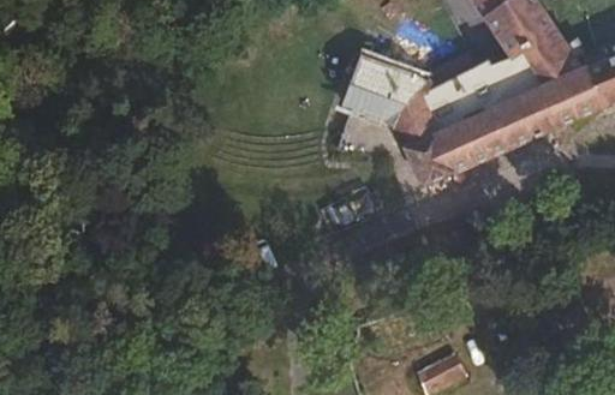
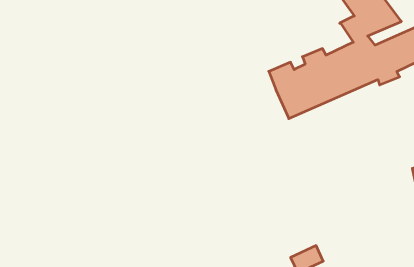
building: [340,53,513,158] -> none

